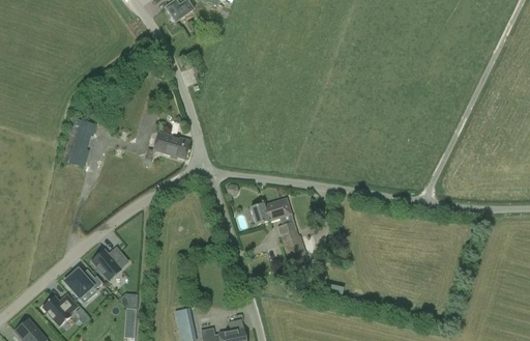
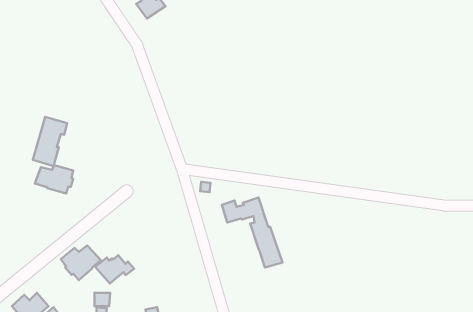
building: [153,132,189,159] -> none
building: none -> [35,165,73,194]
building: [64,269,102,297] -> [95,255,134,284]

